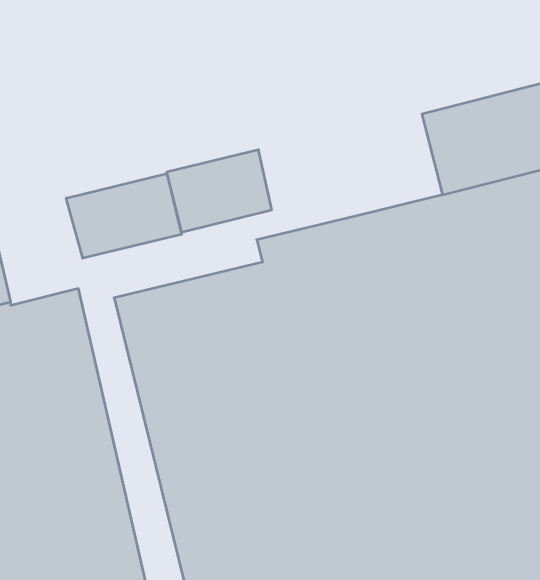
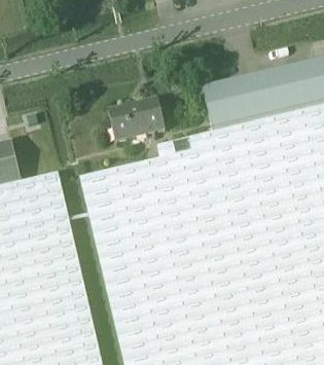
building: none -> [202,76,258,132]
building: [66,174,182,258] -> none

